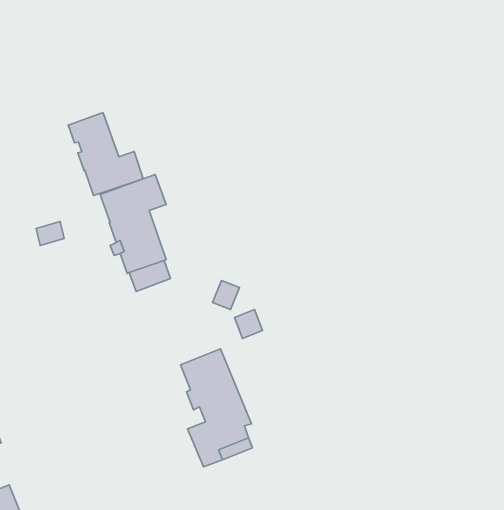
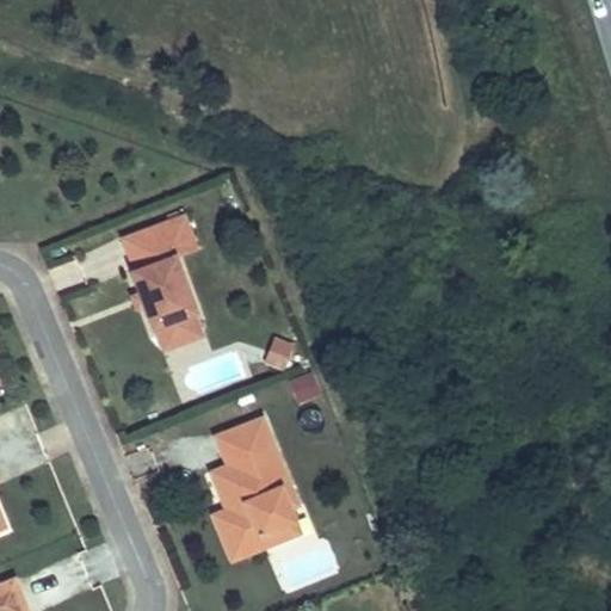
building: [68,113,143,196] -> none

